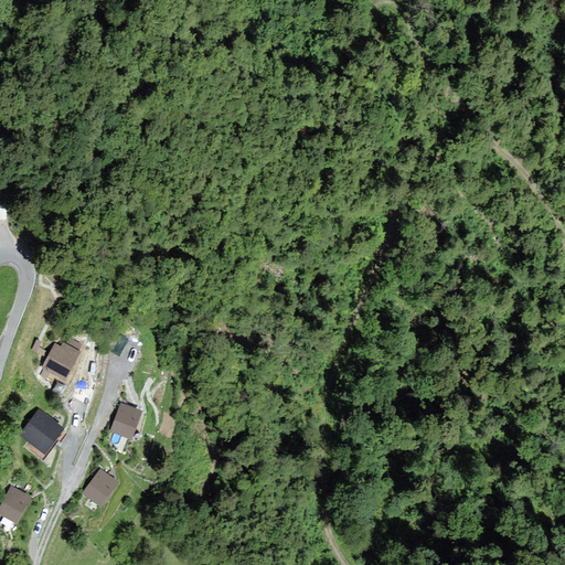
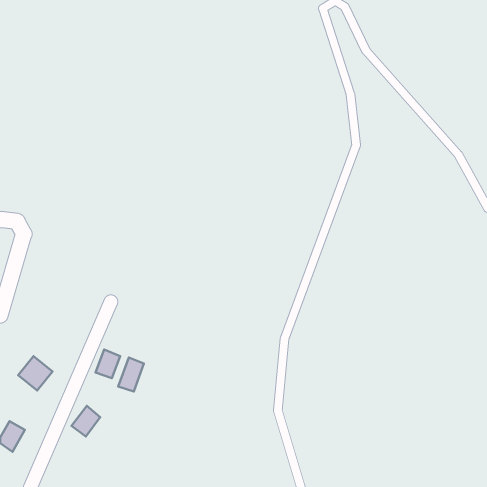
building: [43,338,82,380] -> none
building: none -> [118,358,144,392]

